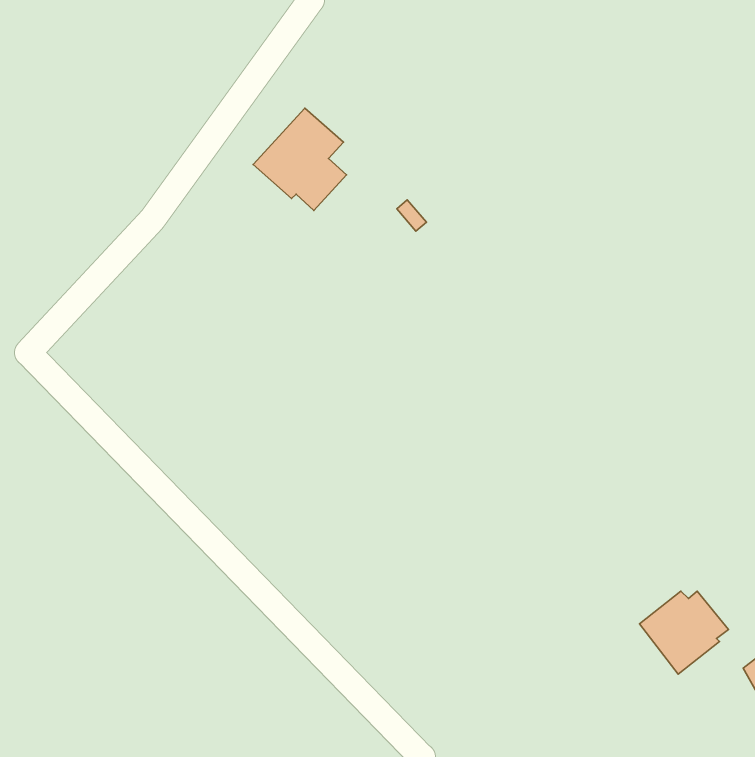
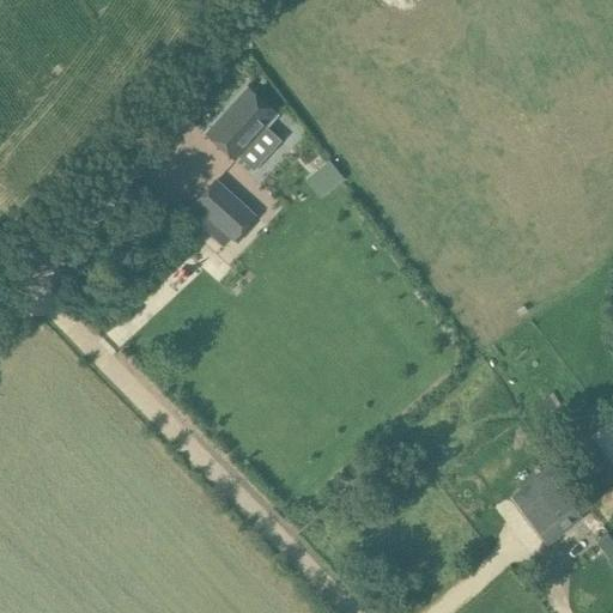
building: none -> [196,181,255,239]

